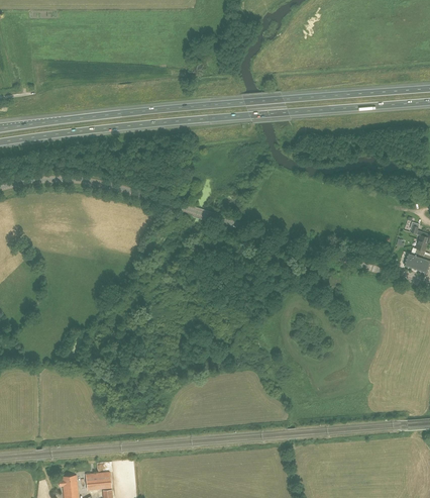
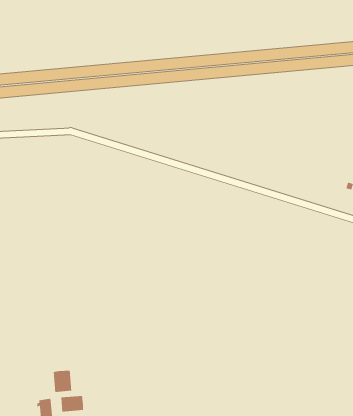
building: none -> [53,370,72,393]

